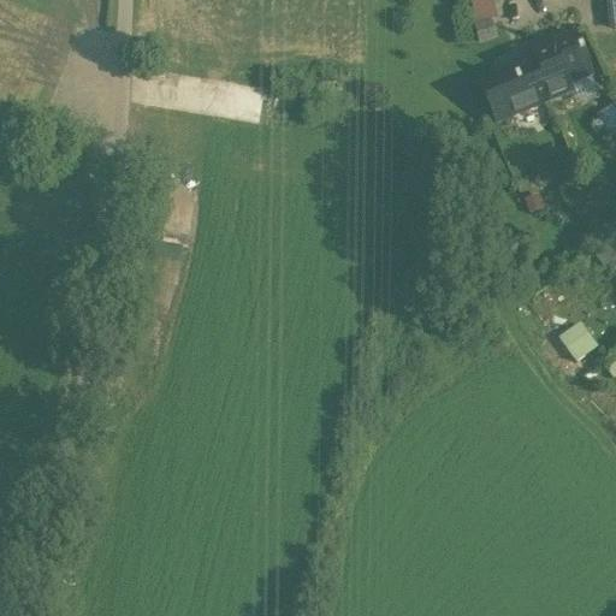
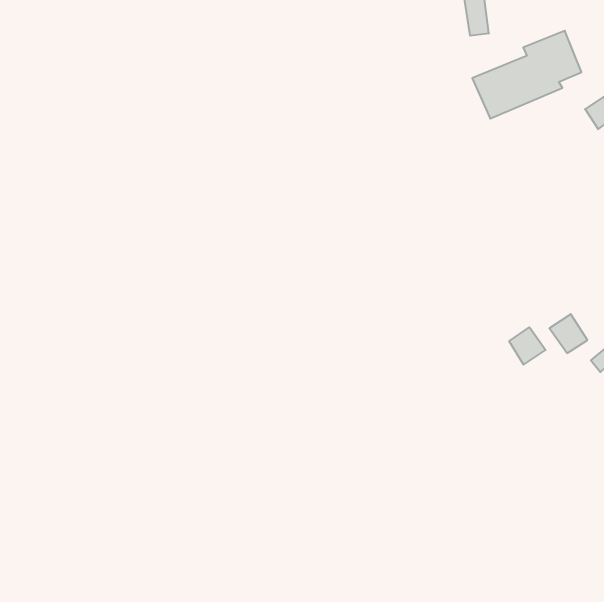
building: none -> [509,327,546,365]

